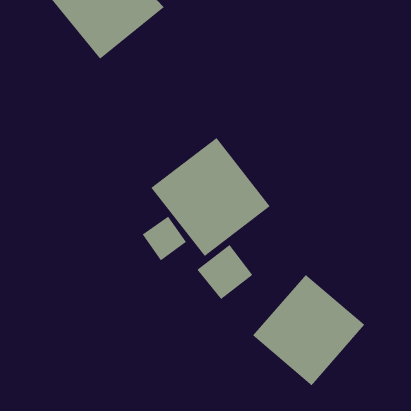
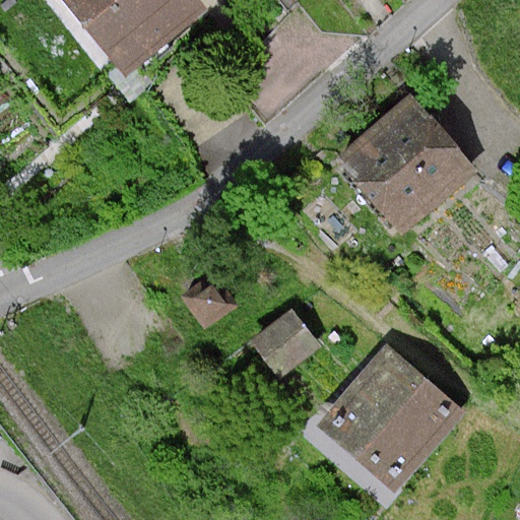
building: none -> [334,94,476,236]
building: [151,137,271,257] -> none

